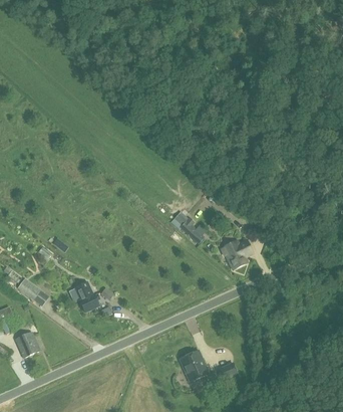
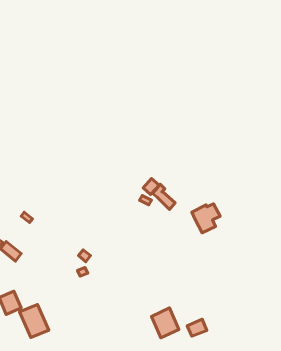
building: [74,281,98,312] -> none
building: none -> [19,305,49,337]

